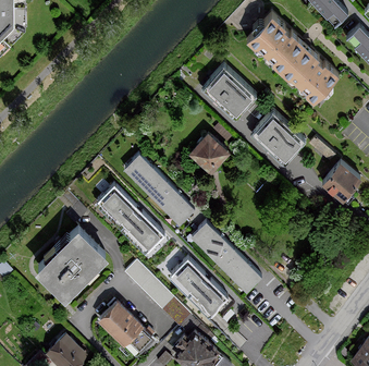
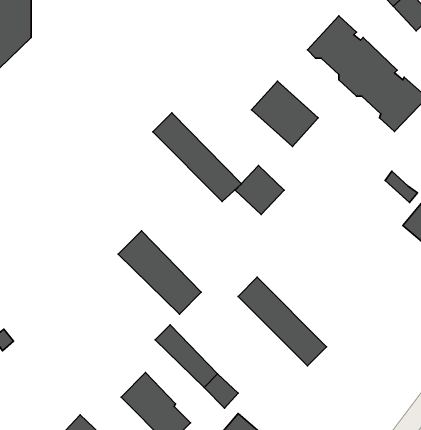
building: [251,111,305,162] -> none
building: [124,156,195,227] -> [153,113,241,201]
building: [35,225,108,297] -> none
building: [170,260,226,316] -> none

